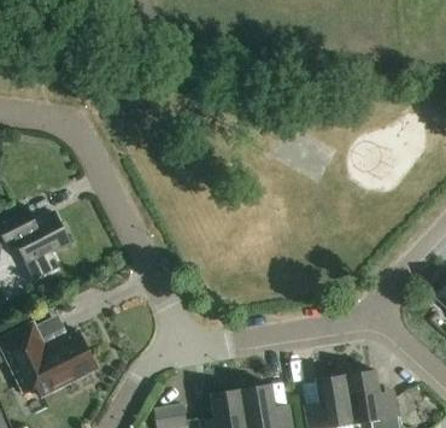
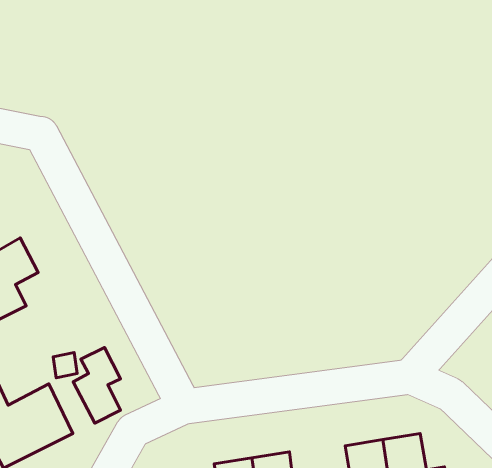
building: none -> [73,347,120,423]

